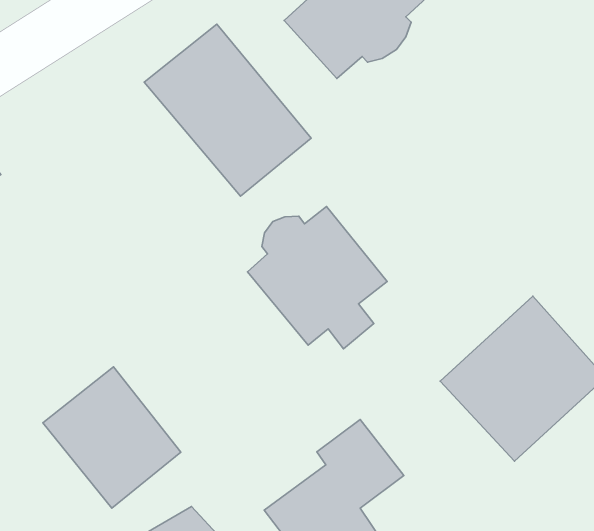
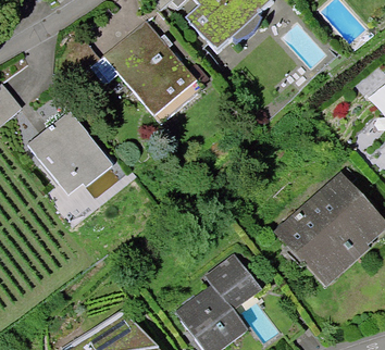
building: [247,206,387,349] -> none
building: [43,367,181,508] -> [27,112,110,197]

